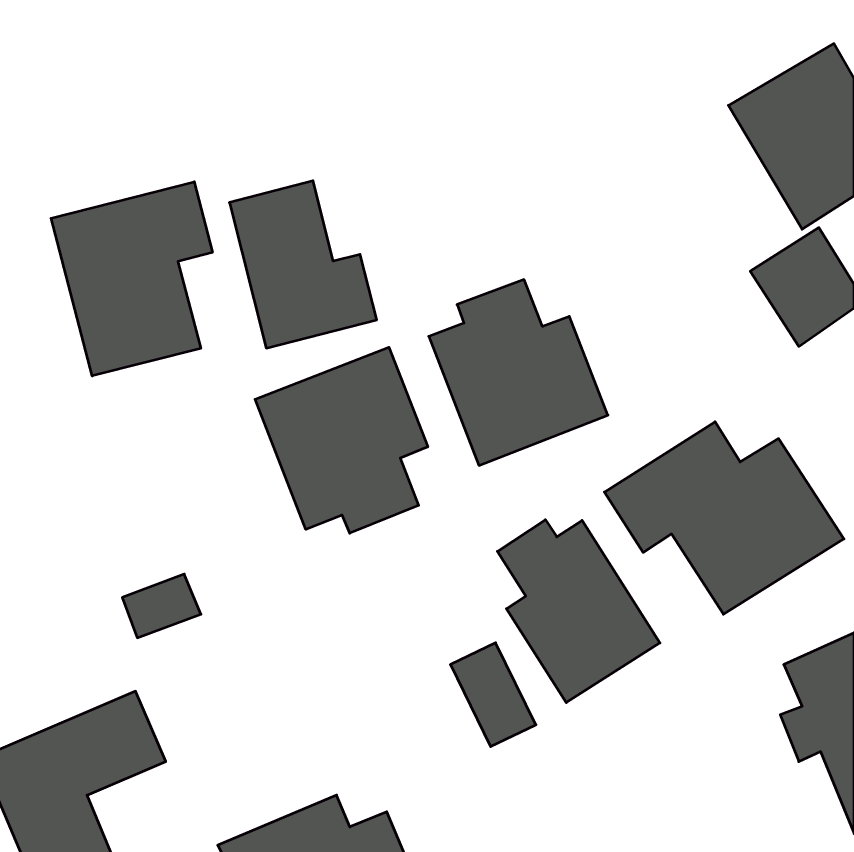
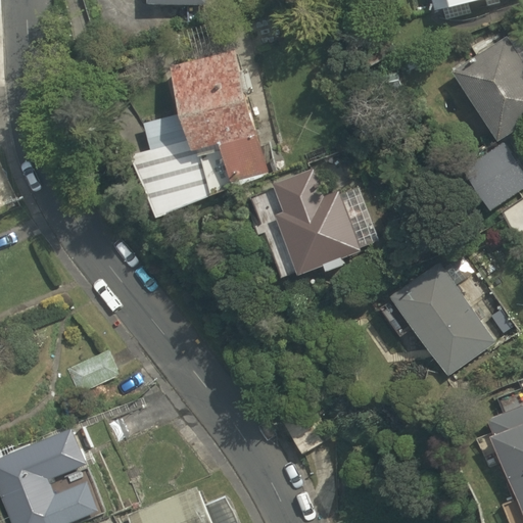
building: none -> [183,50,280,187]
building: [51,182,212,376] -> none
building: [255,347,428,533] -> none
building: [497,520,660,703] -> none

